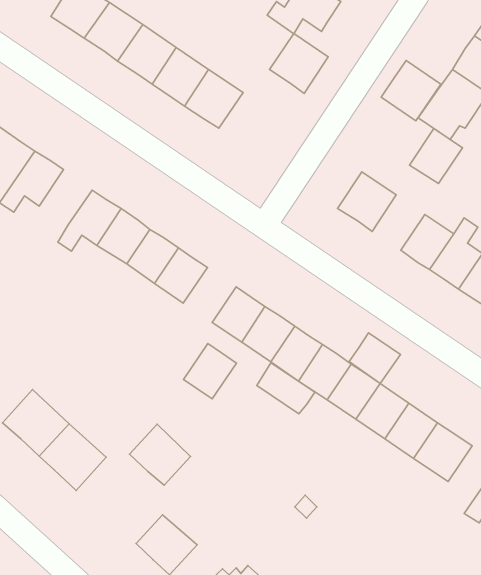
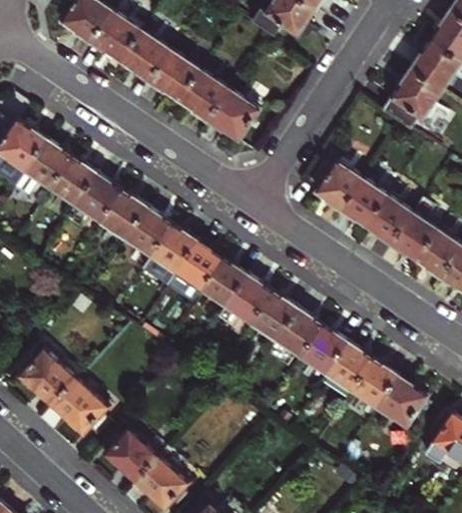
building: [270,34,328,94] -> [207,89,259,141]
building: [381,61,441,121] -> none
building: [410,128,463,184] -> [341,178,387,226]
building: none -> [51,156,97,204]
building: [349,333,400,384] -> none
building: [183,344,236,399] -> [176,241,222,290]
building: [257,363,315,414] -> none
building: [130,424,191,485] -> [105,429,158,482]

